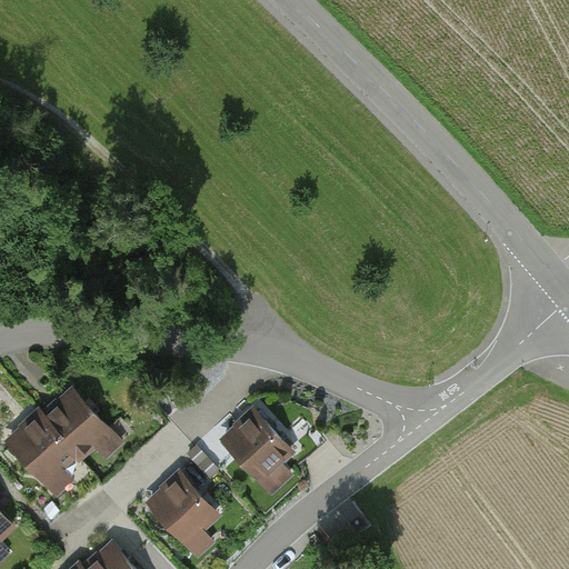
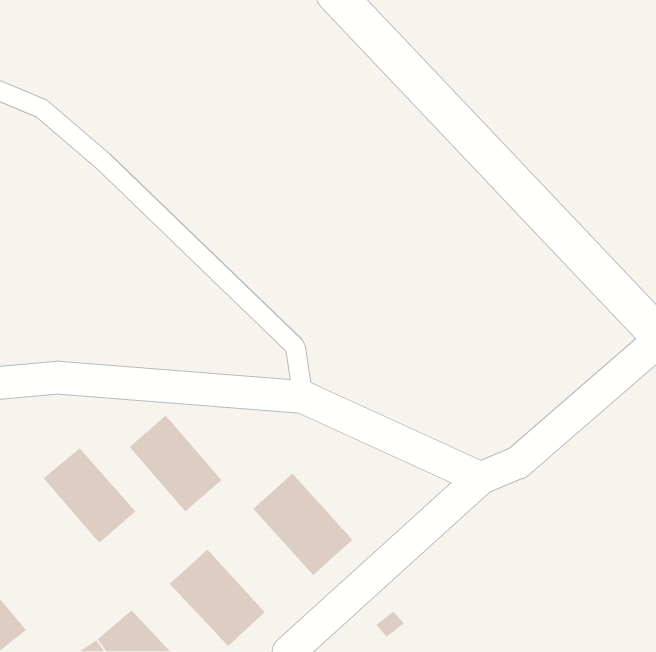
building: [4,412,86,497] -> [128,415,222,513]

